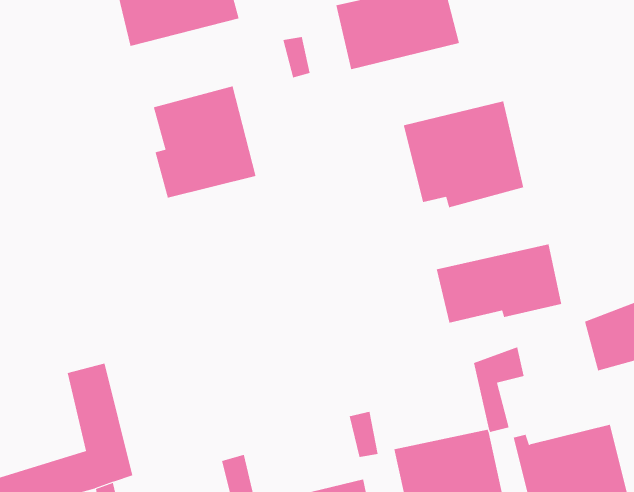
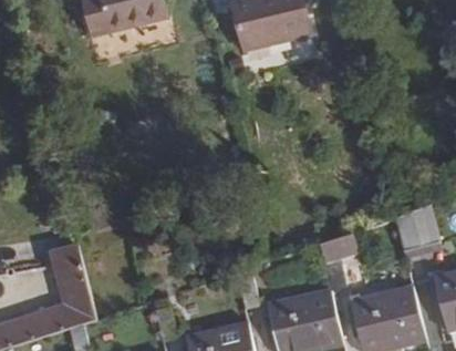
building: [153,86,256,199] -> none
building: [403,101,524,208] -> none
building: [436,243,562,324] -> none

